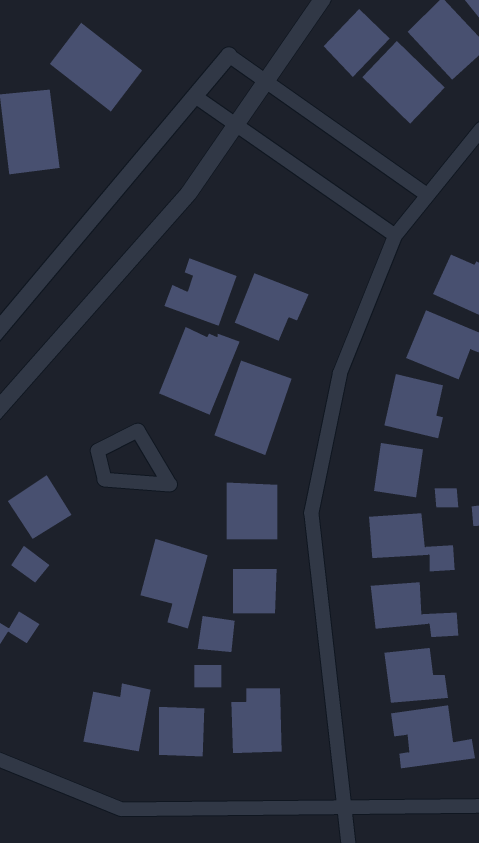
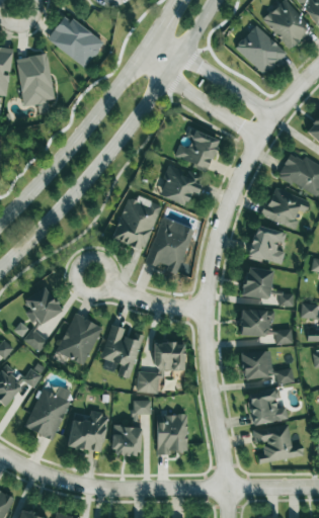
building: [323,8,391,78] -> none
building: [164,257,238,326] -> [174,128,219,170]
building: [226,482,278,540] -> none
building: none -> [57,314,101,365]
building: none -> [24,386,71,441]

